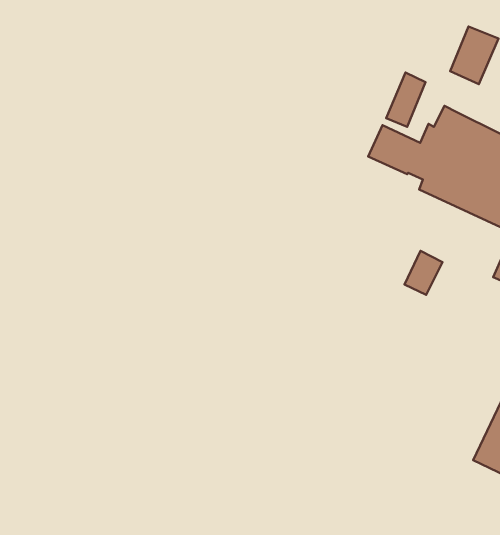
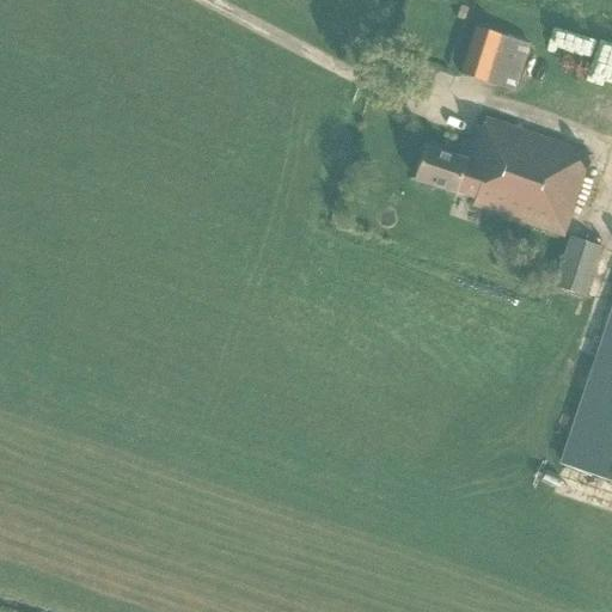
building: [386,73,426,127] -> [464,24,500,79]
building: [404,251,443,295] -> none

